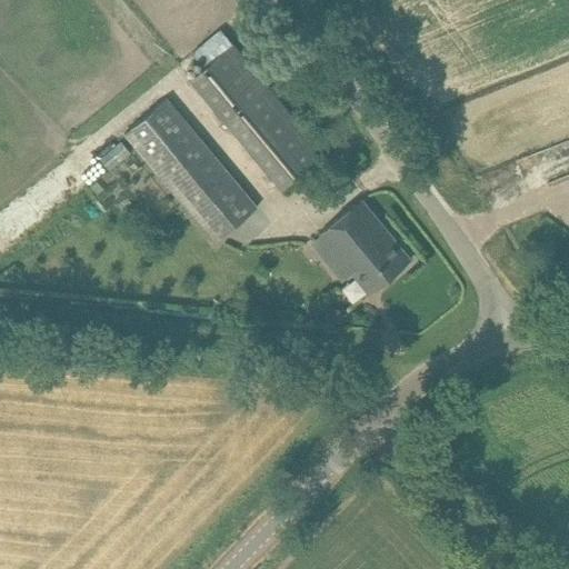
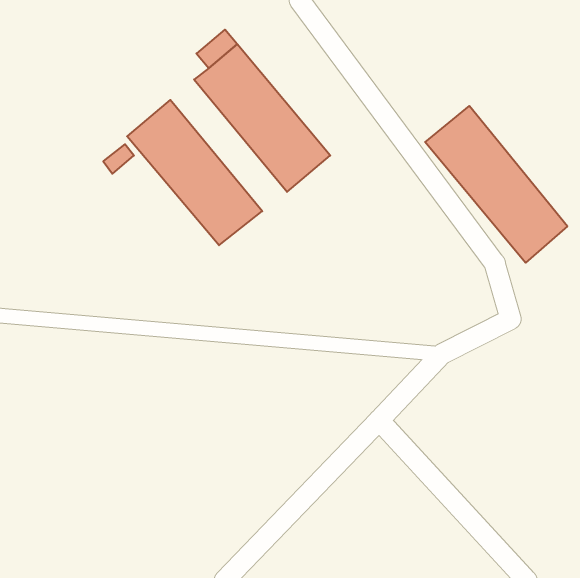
building: none -> [425,106,567,263]
building: [320,201,411,296] -> none

